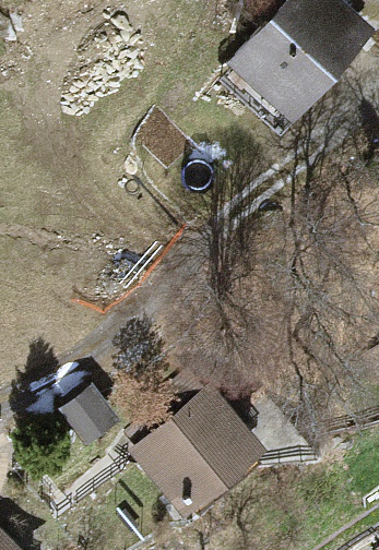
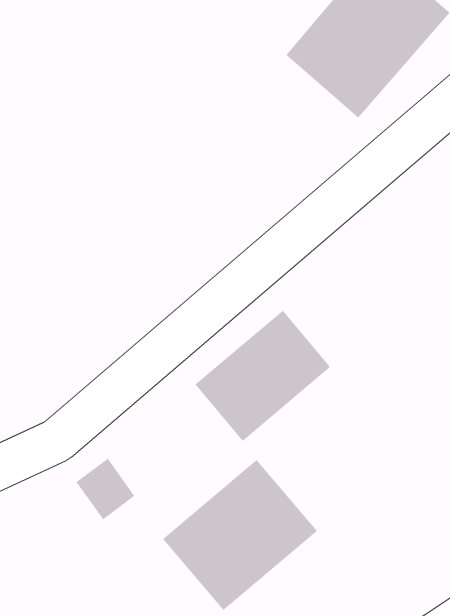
building: none -> [195,310,331,442]

